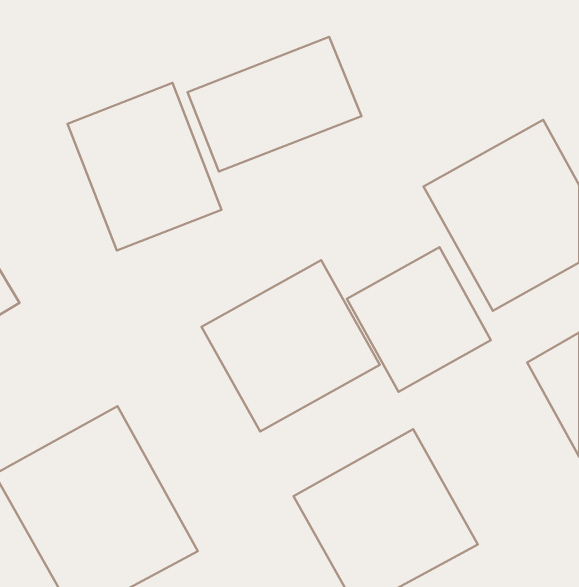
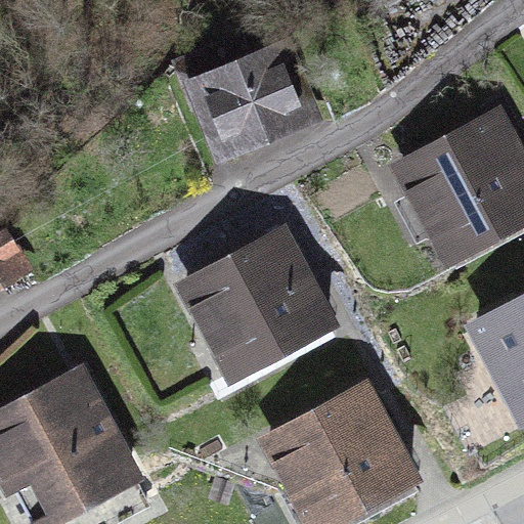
building: [68,83,222,251] -> none
building: [347,247,491,392] -> none

